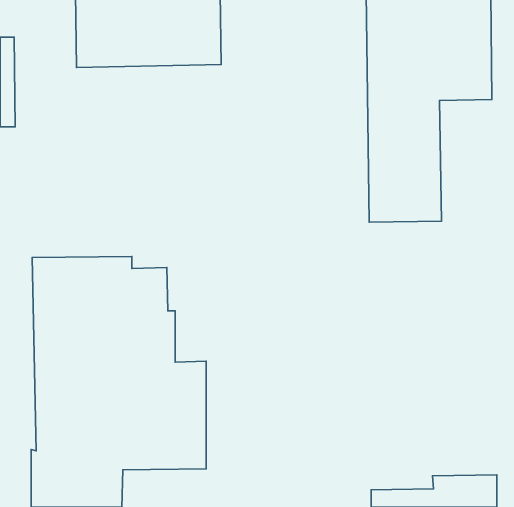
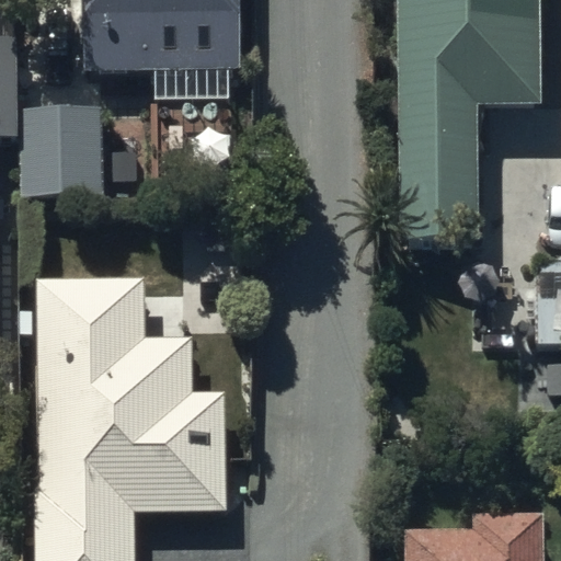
building: none -> [19,111,100,195]

